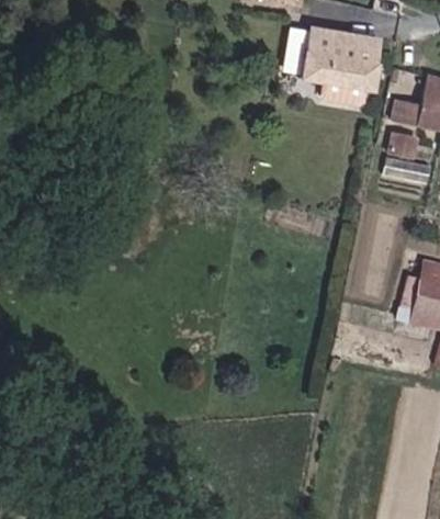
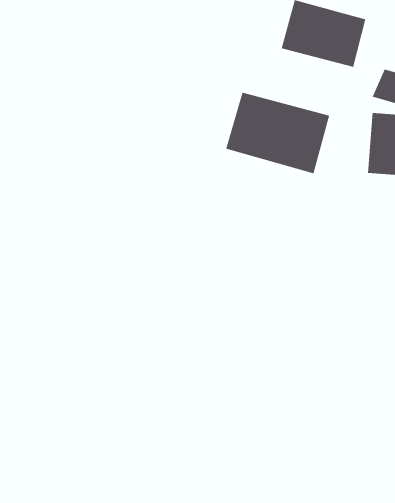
building: none -> [225,92,330,174]

